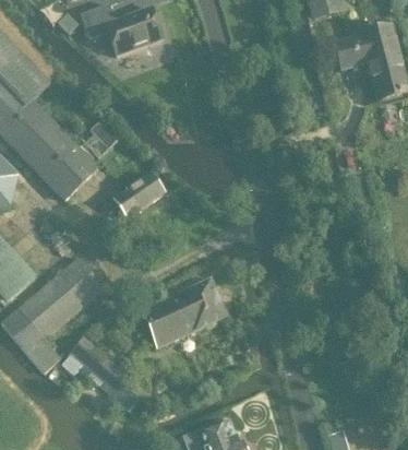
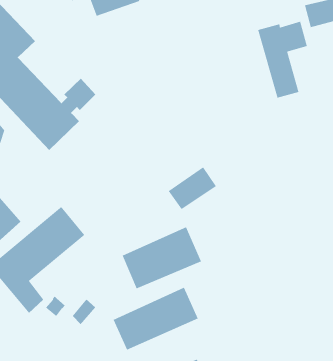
building: none -> [257,21,307,99]
building: [112,173,165,218] -> [168,167,217,210]
building: none -> [113,287,199,350]

